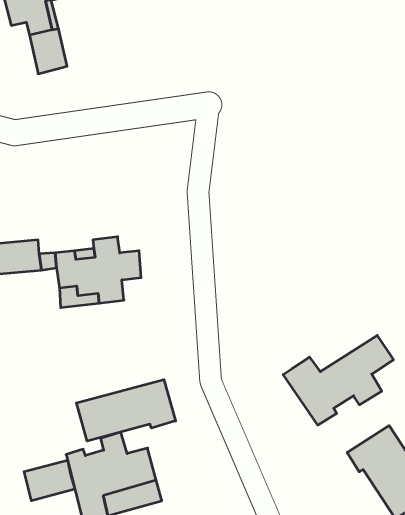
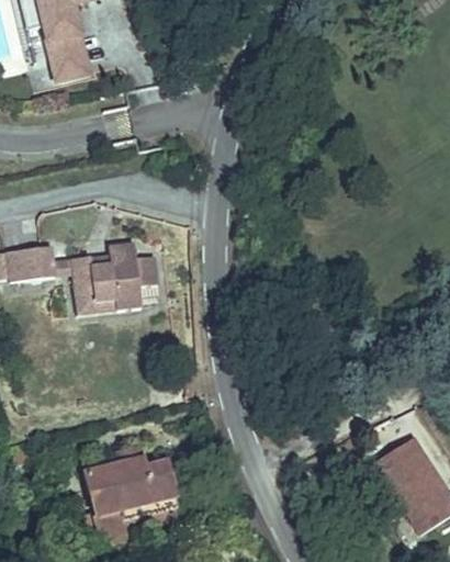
building: [283,335,393,425] -> none
building: [76,380,176,441] -> none
building: [24,460,75,501] -> none

